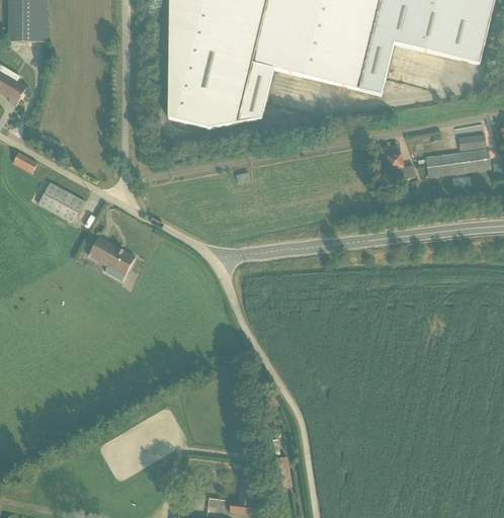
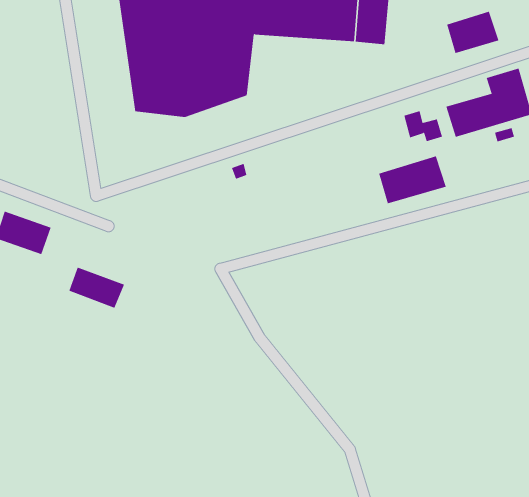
building: none -> [446,11,499,54]
building: none -> [378,156,447,204]

